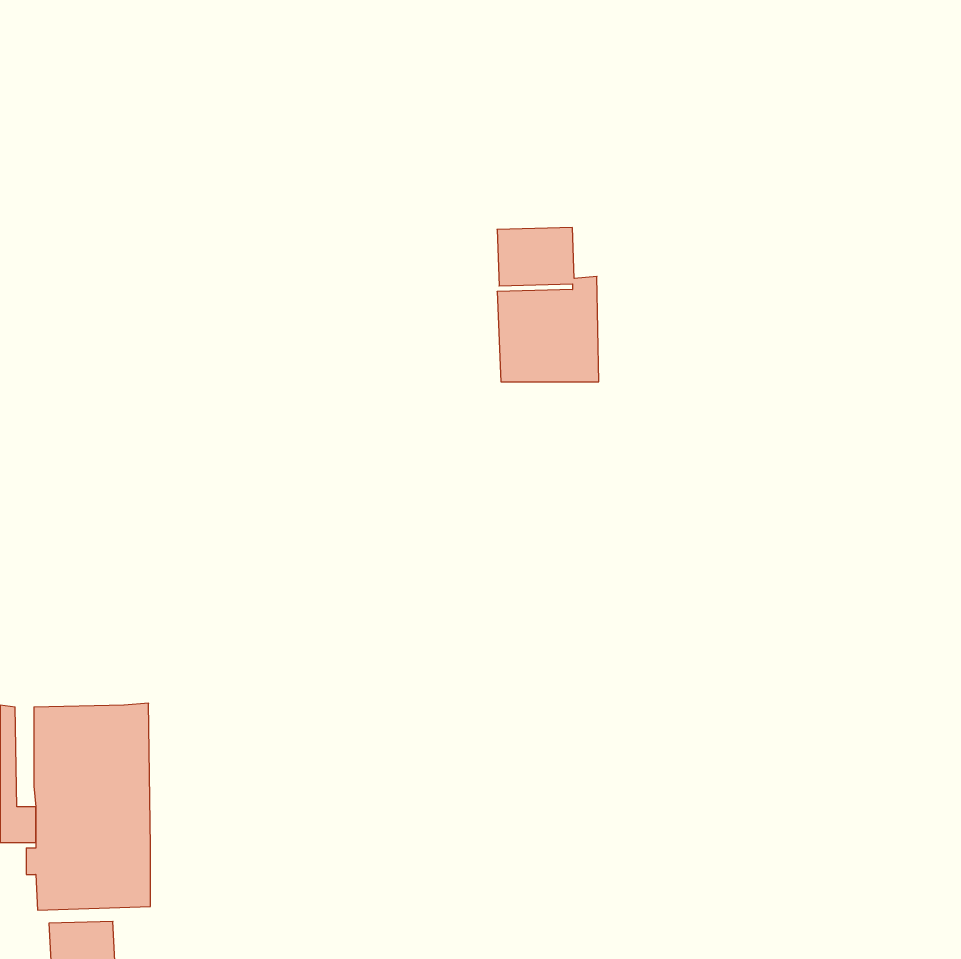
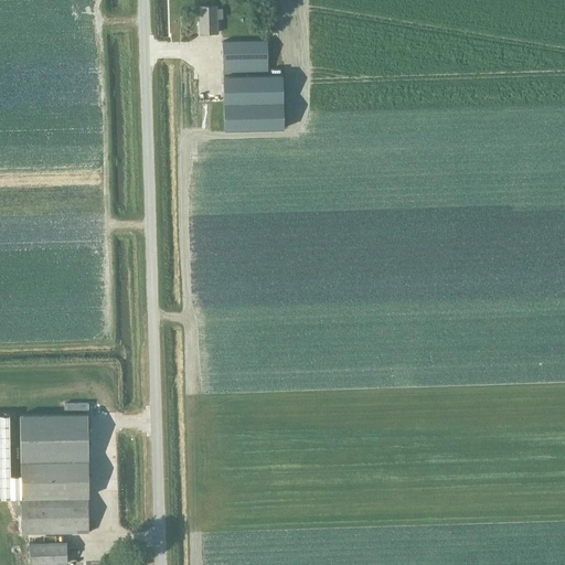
building: none -> [200,7,223,34]
building: [497,228,599,382] -> [223,41,282,131]

